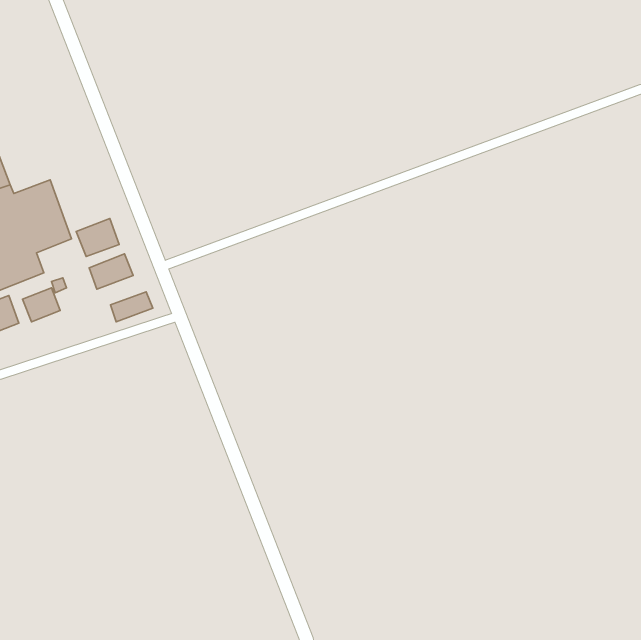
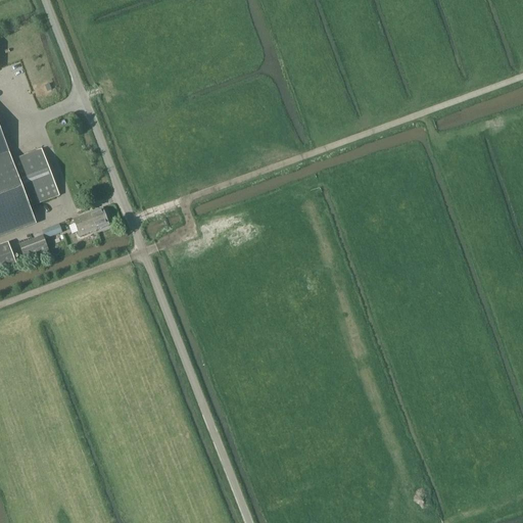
building: [76,219,119,256] -> none
building: [110,292,153,322] -> none

